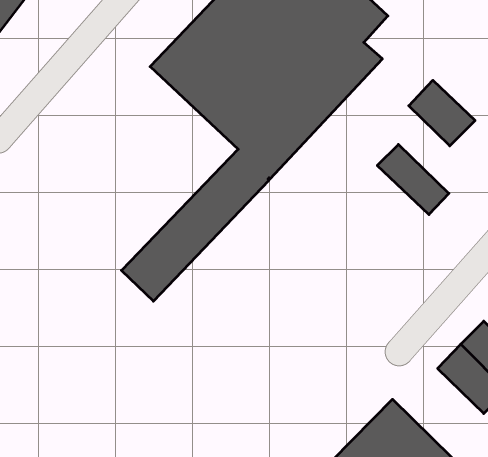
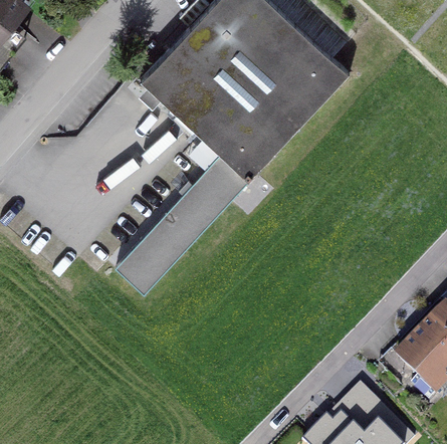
building: [409,80,475,146] -> none
building: [377,144,449,215] -> none

